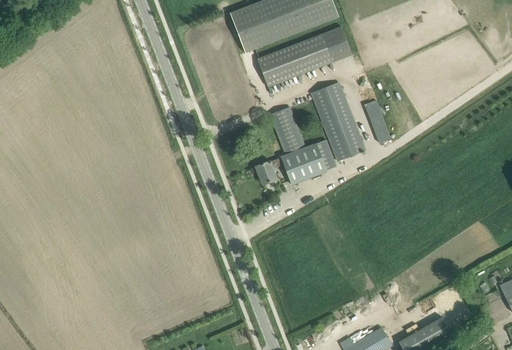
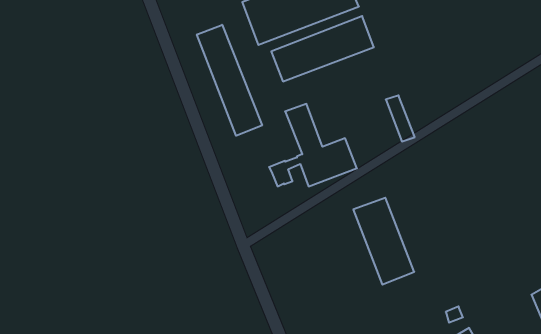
building: none -> [197,25,262,136]
building: [310,82,367,163] -> [353,198,414,285]

